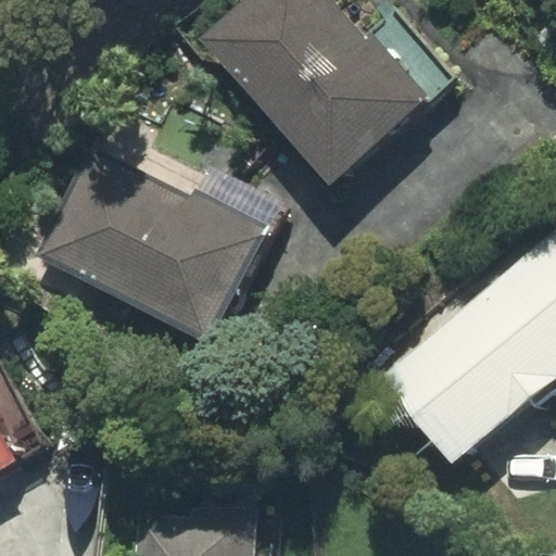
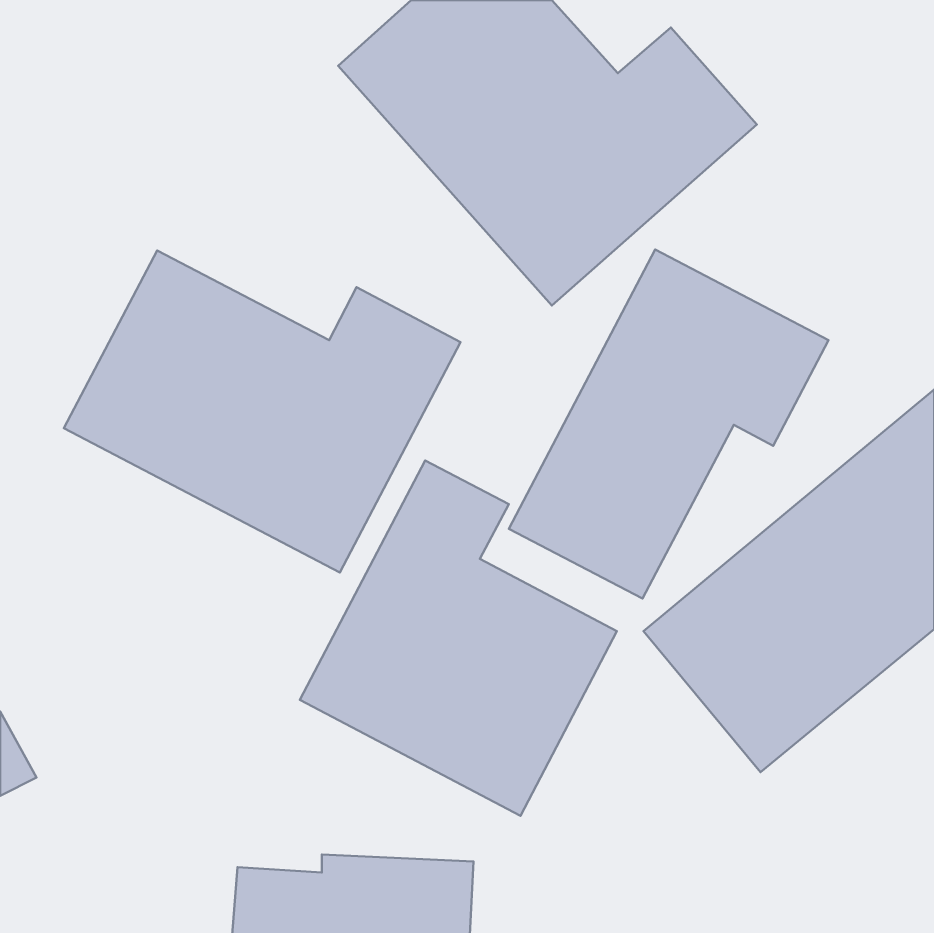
building: none -> [509,249,828,598]
building: none -> [300,461,617,816]

